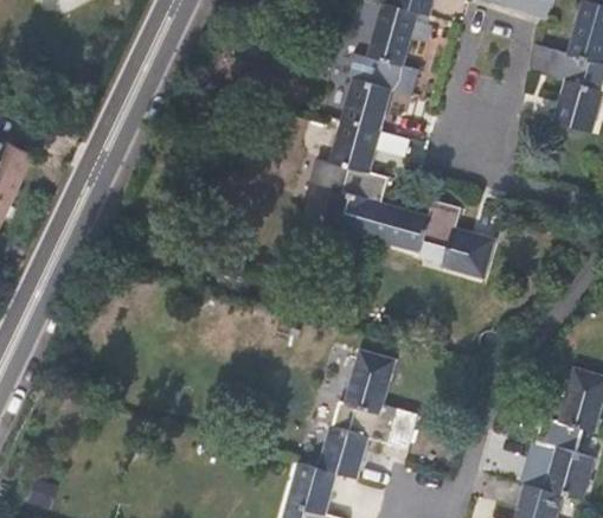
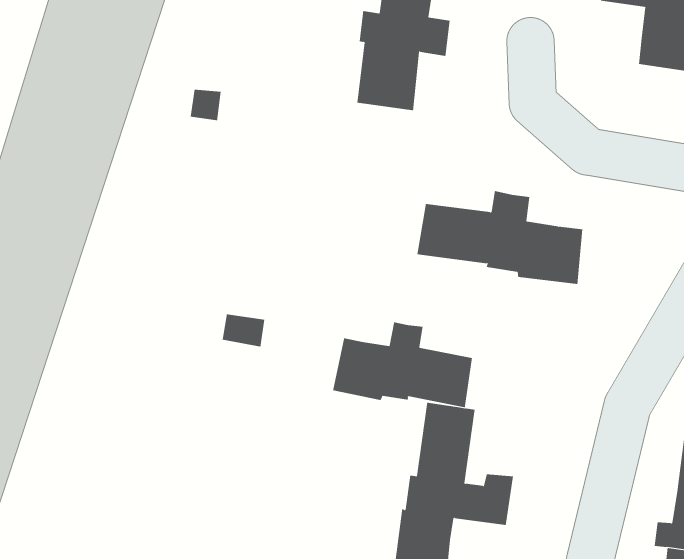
building: [316,120,409,238] -> none
building: none -> [332,322,472,408]

